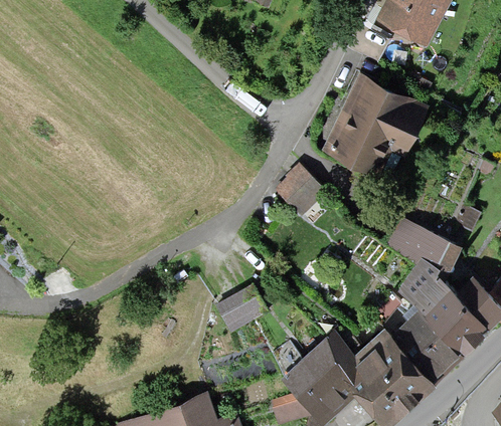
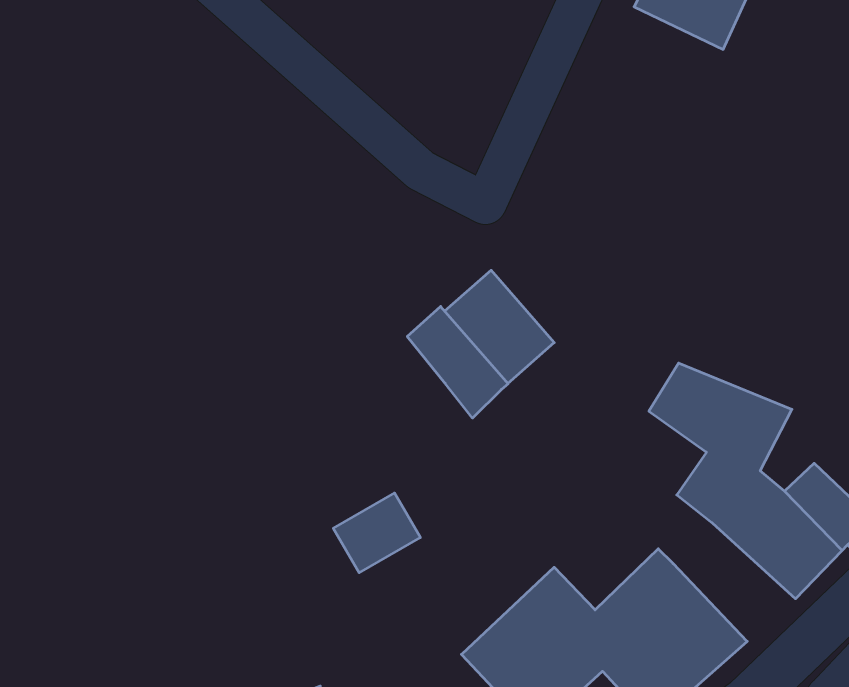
building: [326,74,428,174] -> none
building: none -> [407,306,508,418]
building: [398,304,465,369] -> none

